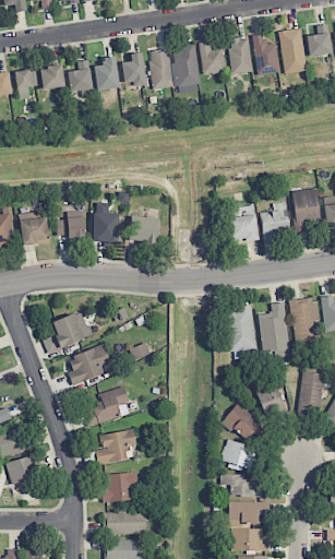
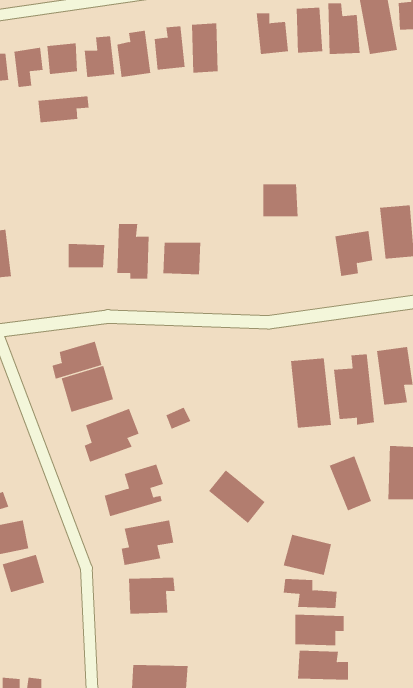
building: [171,46,201,93] -> none
building: none -> [38,96,89,123]
building: [230,216,258,241] -> [263,184,298,217]
building: [21,218,49,245] -> none
building: none -> [52,341,102,380]
building: [224,404,267,445] -> [208,469,265,524]
building: [105,507,146,535] -> none

